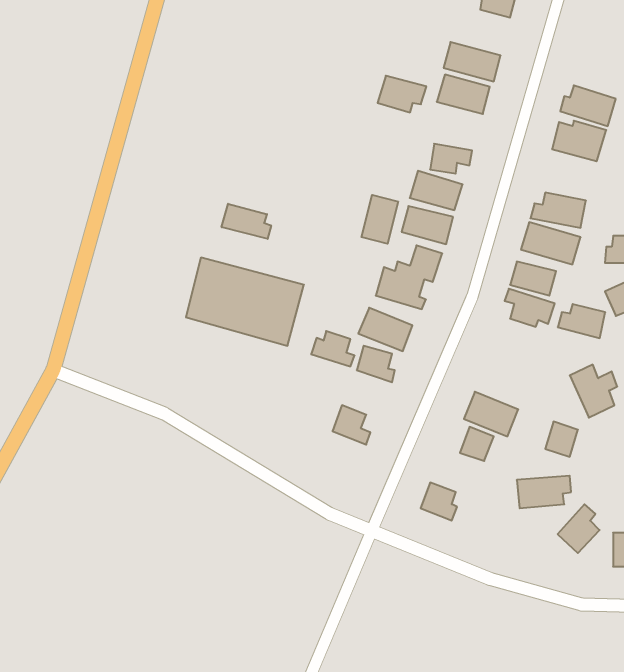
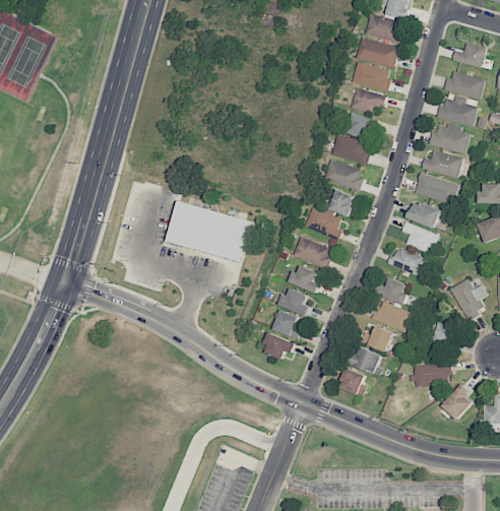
building: none -> [365,13,404,43]
building: none -> [451,43,486,68]
building: [378,76,426,112] -> [350,87,386,115]
building: none -> [427,123,470,154]
building: [361,195,398,244] -> none
building: [222,204,271,239] -> none
building: [558,304,605,338] -> [386,249,422,274]
building: [311,331,355,366] -> [277,289,310,315]
building: none -> [375,278,409,304]
building: none -> [261,333,296,360]
building: none -> [351,345,381,376]

